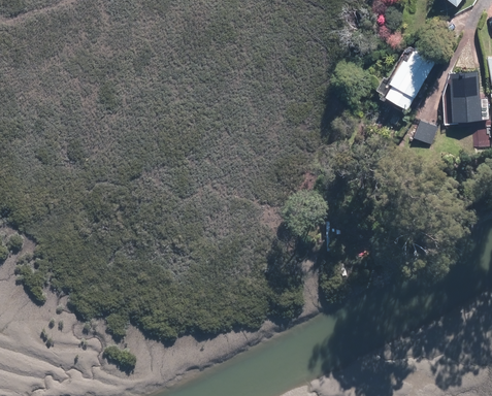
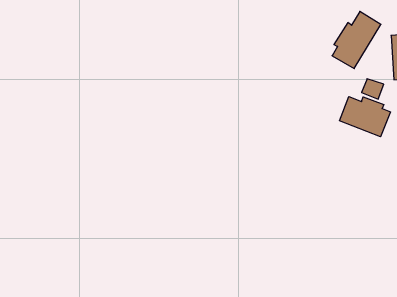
building: none -> [340,97,391,137]

